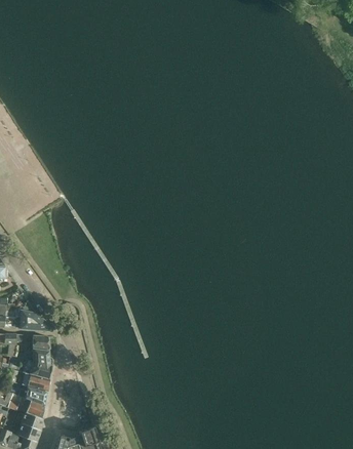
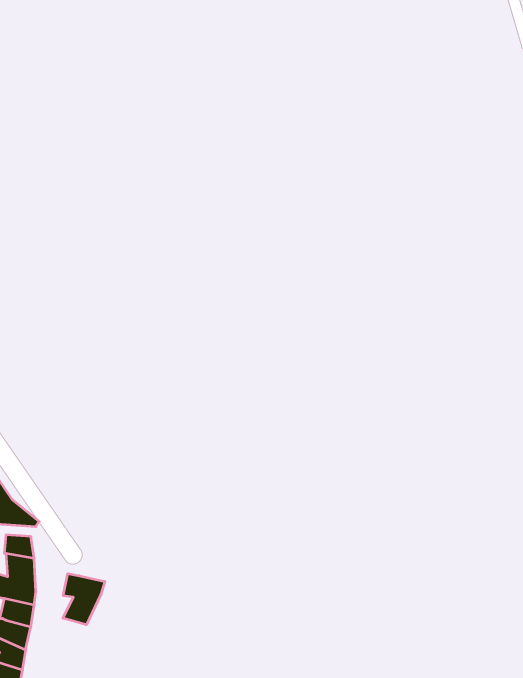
building: none -> [63,574,105,625]

